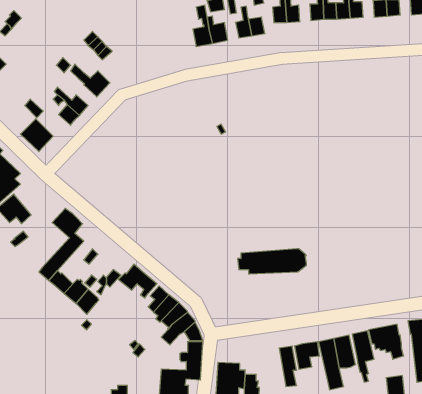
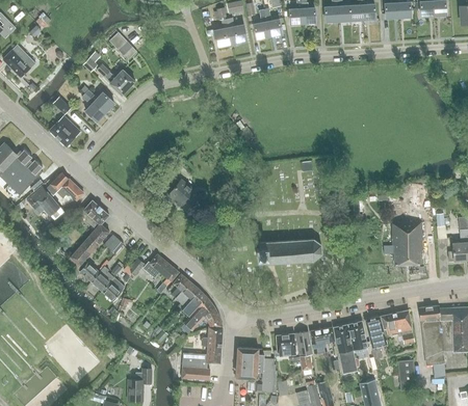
building: none -> [163,167,200,209]
building: none -> [49,172,83,200]
building: none -> [383,222,422,264]
building: none -> [274,333,295,356]

